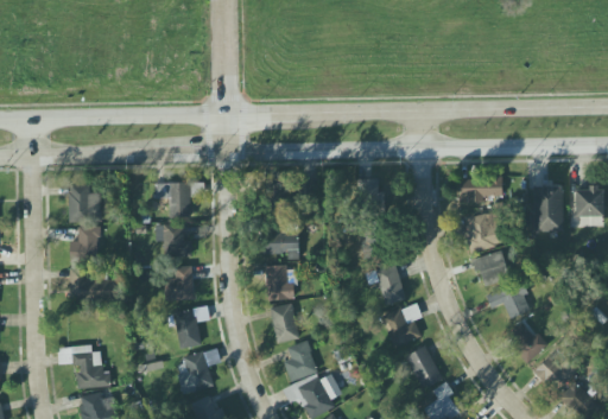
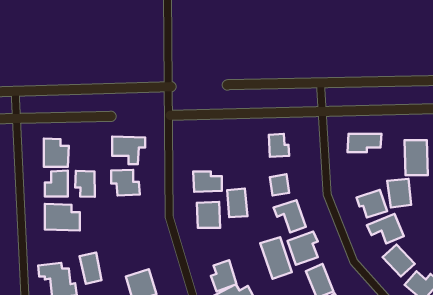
building: [466,214,496,250] -> [387,179,411,207]
building: none -> [75,171,95,197]
building: [164,266,194,300] -> none
building: [272,304,298,341] -> [227,188,247,217]
building: [173,309,202,349] -> [79,253,102,284]
building: none -> [260,237,292,279]

